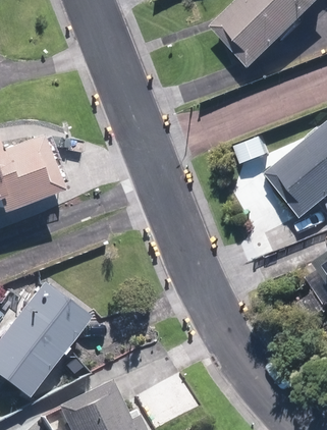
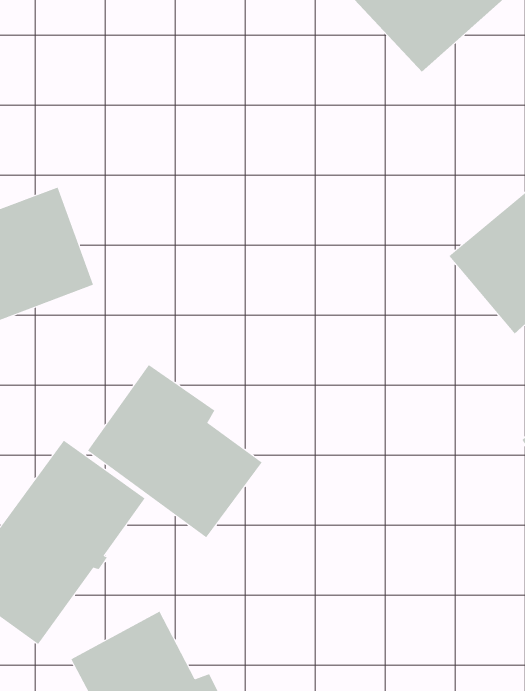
building: none -> [87,364,263,538]

